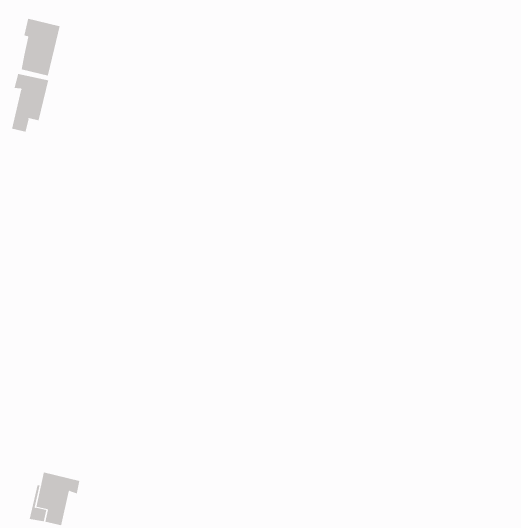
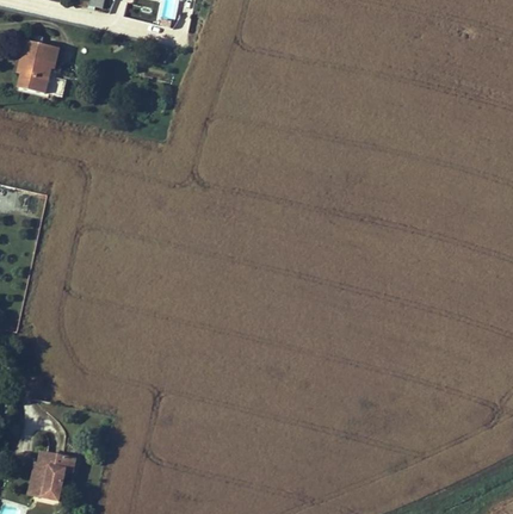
building: [11,73,49,133] -> none

